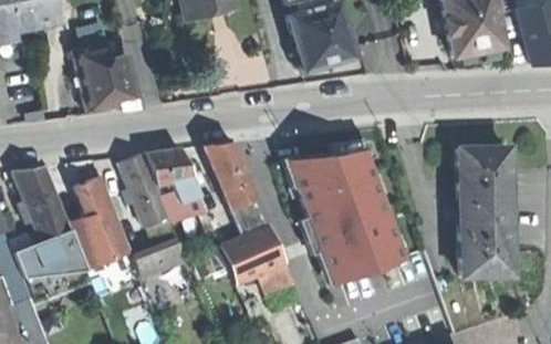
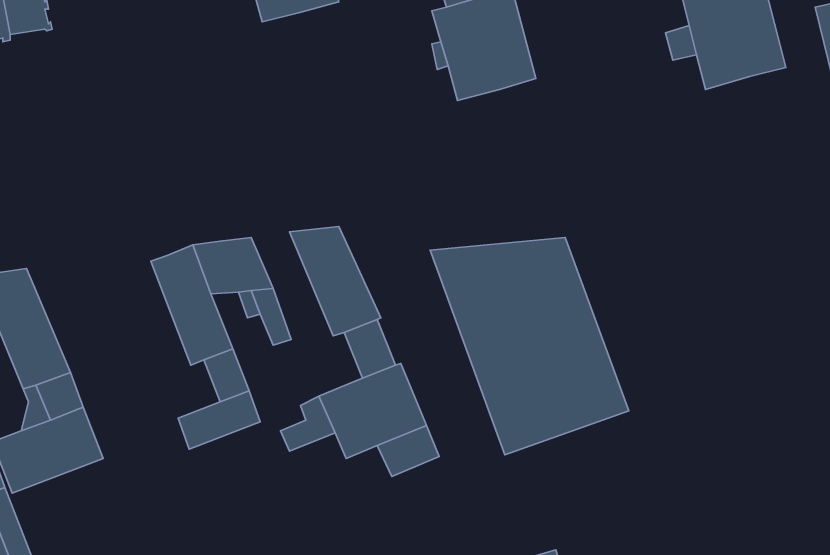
building: [72,42,135,112] -> none
building: [458,145,513,273] -> none
building: [69,175,129,268] -> none

